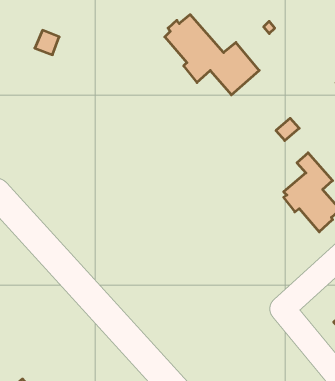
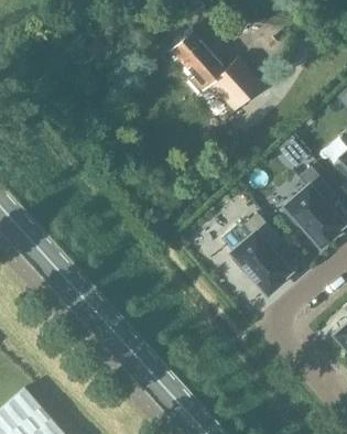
building: none -> [219,214,288,292]

